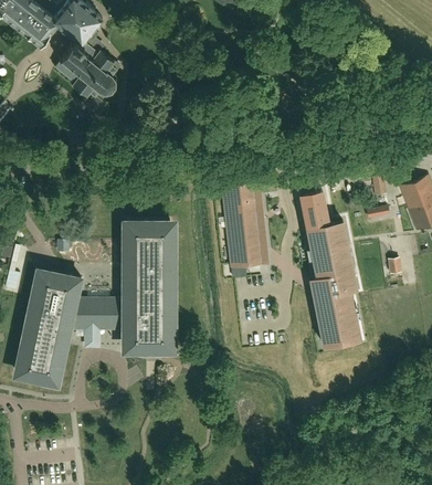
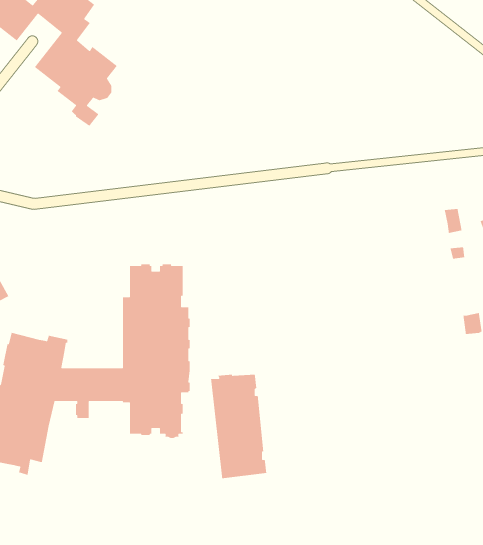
building: [222,184,266,266] -> [210,374,267,479]
building: [301,190,359,347] -> none

